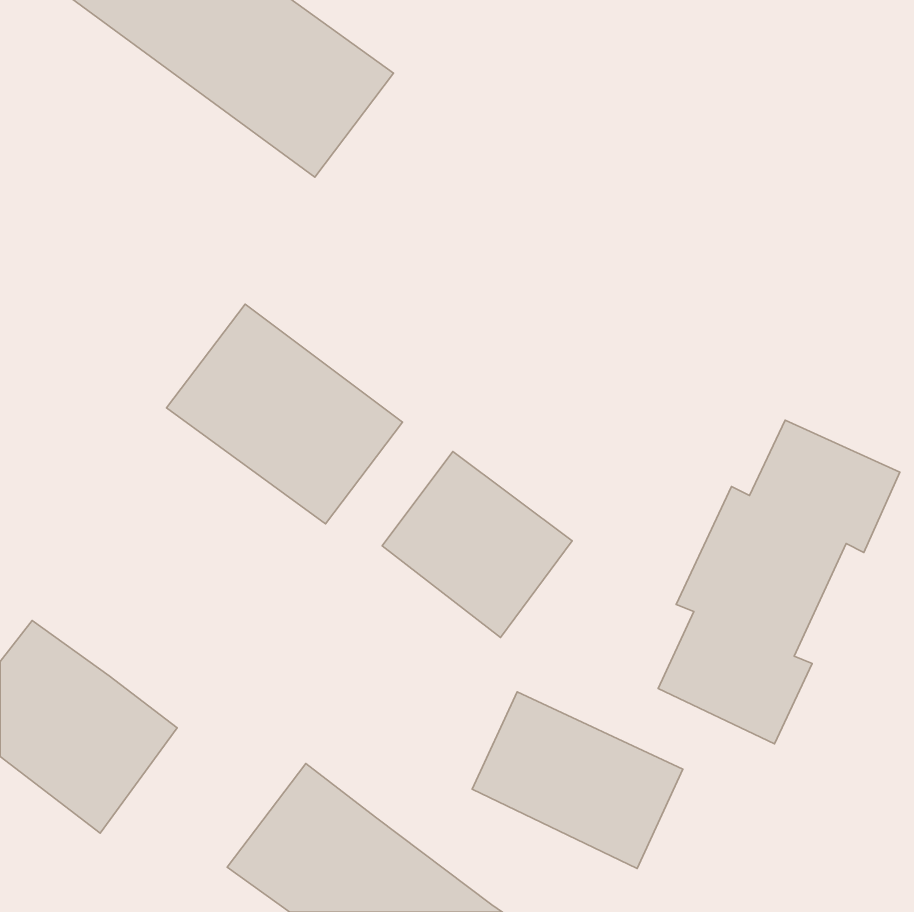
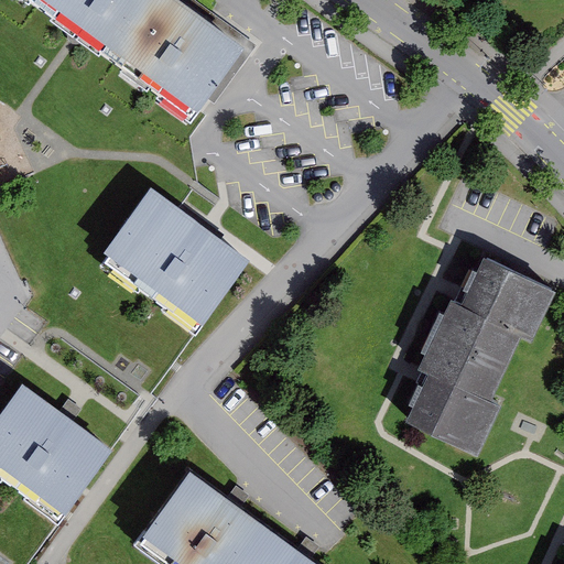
building: [382,451,572,637] -> none
building: [472,692,683,869] -> none

